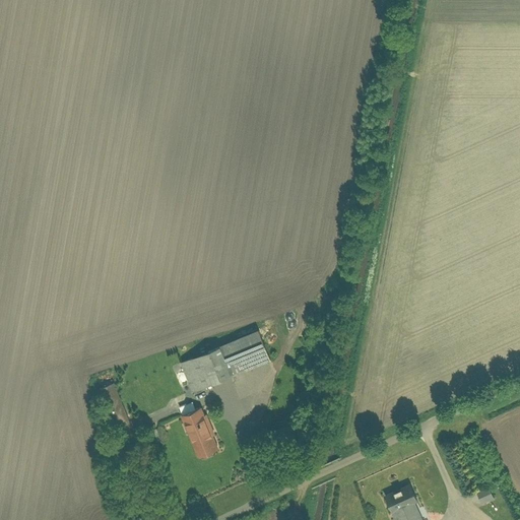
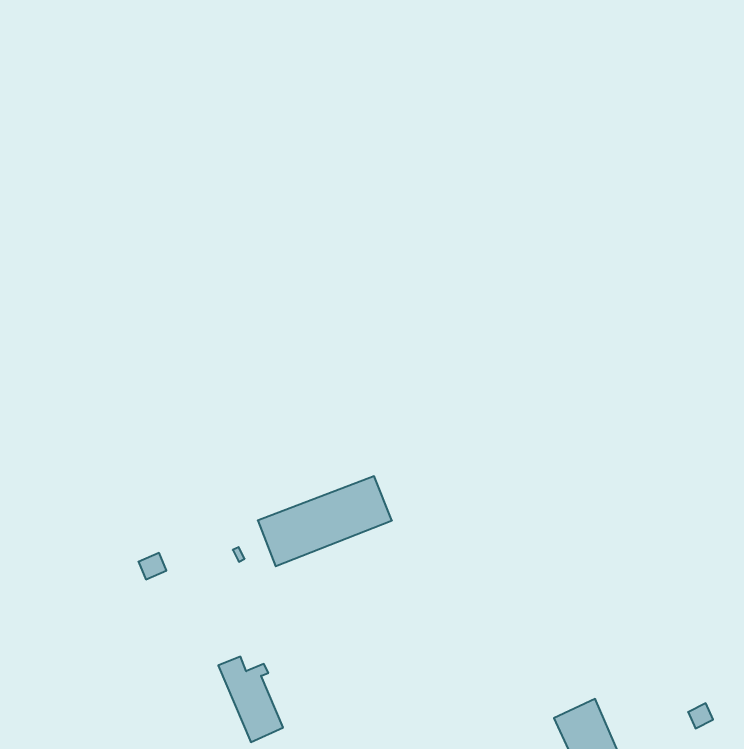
building: [176,401,220,460] -> [218,657,283,742]

